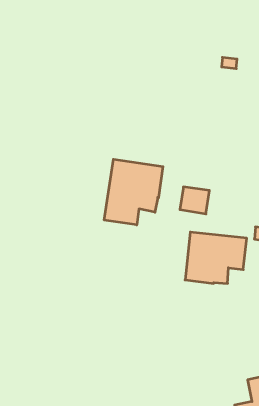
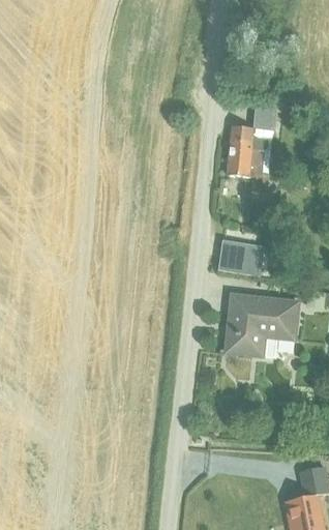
building: none -> [228,119,273,192]
building: [104,159,163,225] -> none

